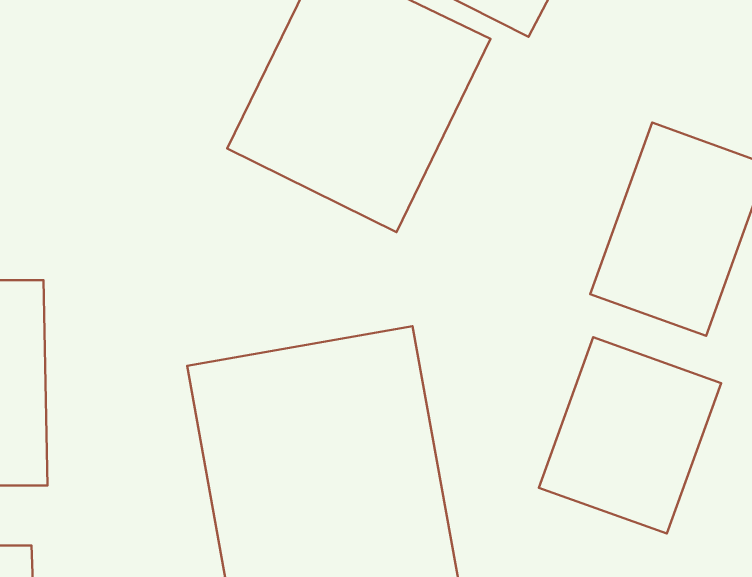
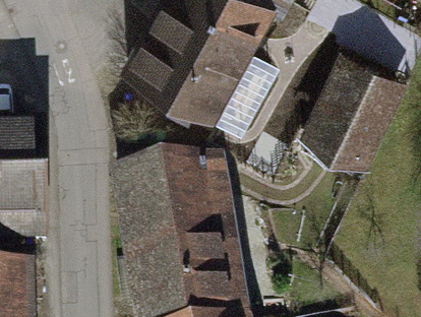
building: [539,337,721,534] -> none

